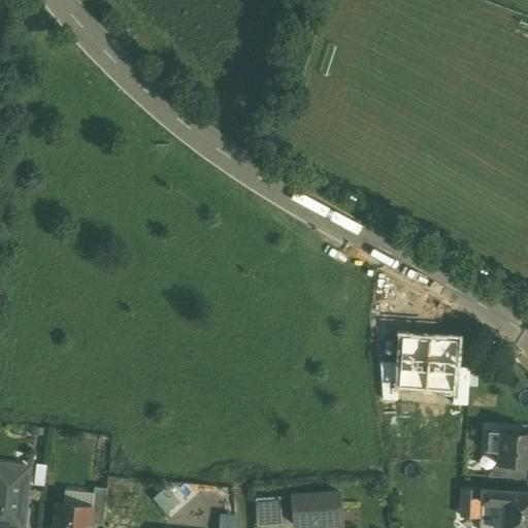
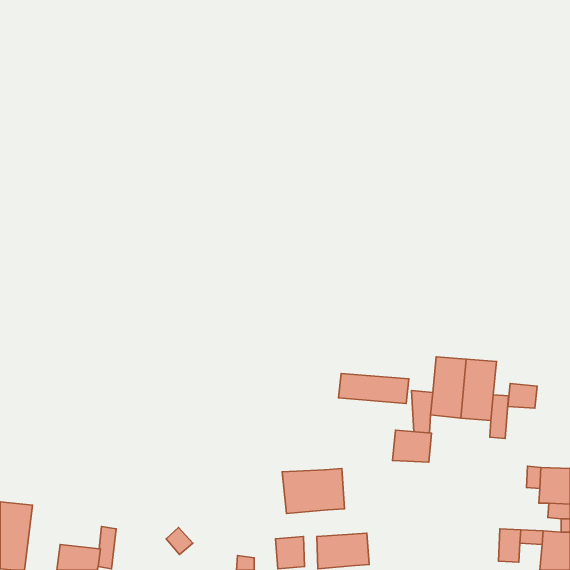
building: none -> [338,373,409,404]
building: none -> [508,384,537,408]
building: none -> [393,430,431,462]
building: none -> [282,469,345,513]

